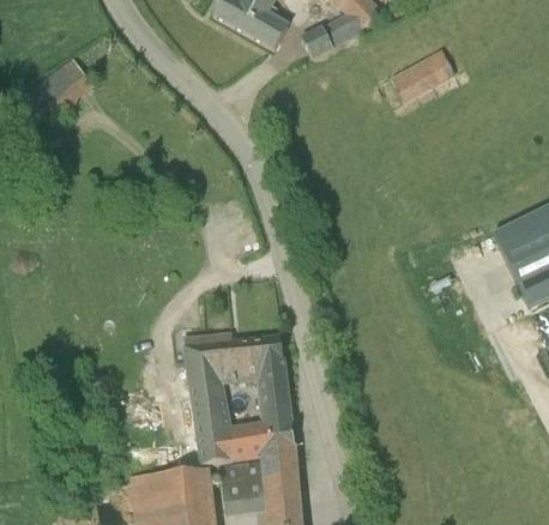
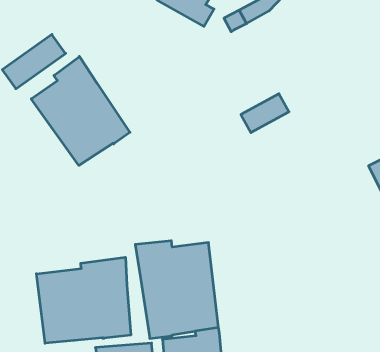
building: [391,50,454,102] -> [241,94,289,133]
building: none -> [31,56,130,165]
building: none -> [36,257,131,343]

